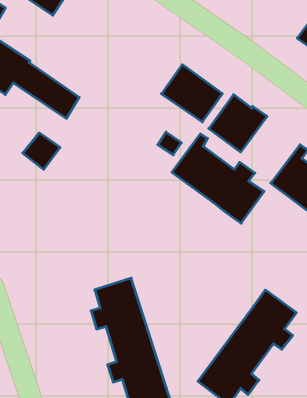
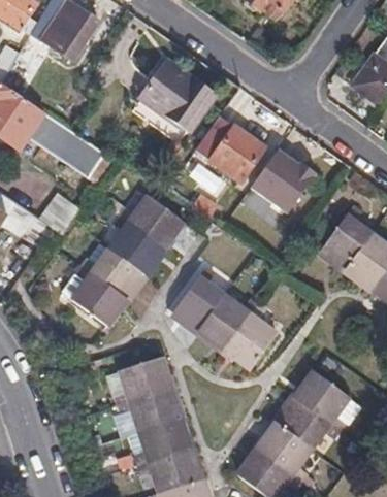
building: none -> [142,60,218,133]
building: [172,134,264,223] -> [173,268,278,369]
building: none -> [73,196,184,325]

